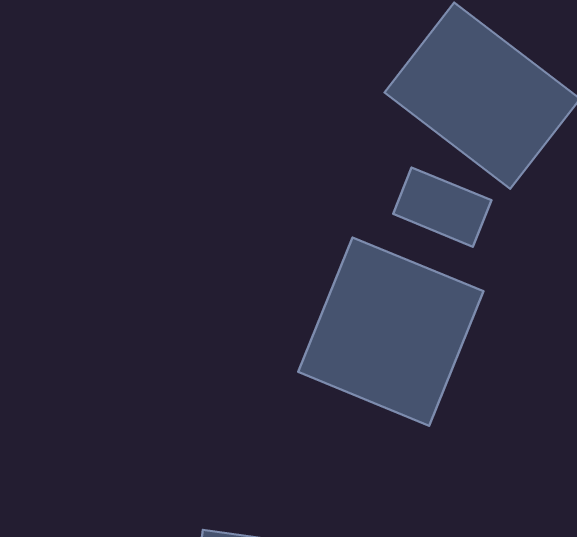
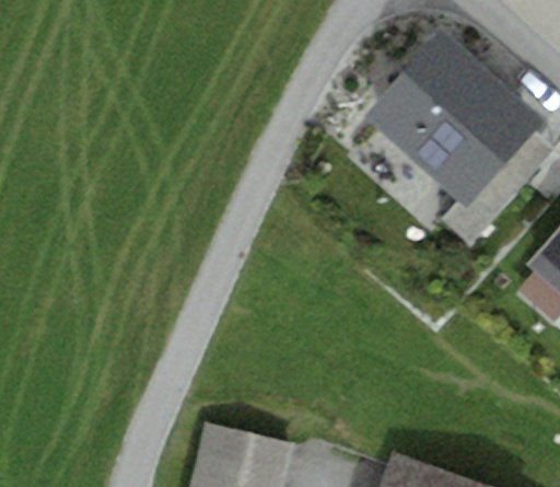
building: [298,237,484,426] -> none

